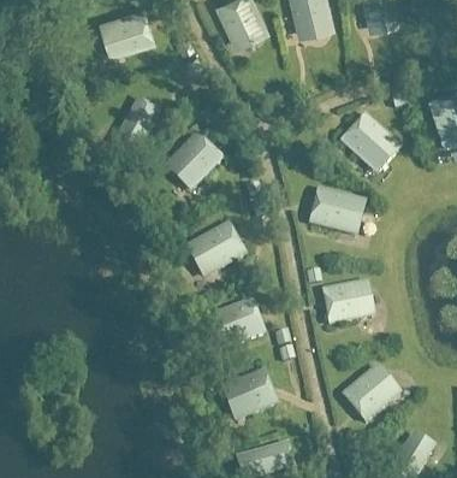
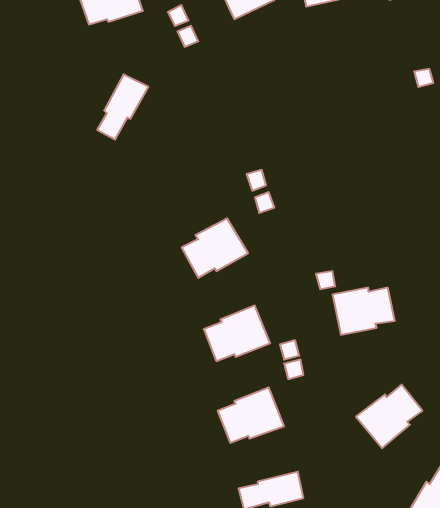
building: [340,113,397,169] -> none
building: [162,130,222,191] -> none
building: [308,187,363,230] -> none

